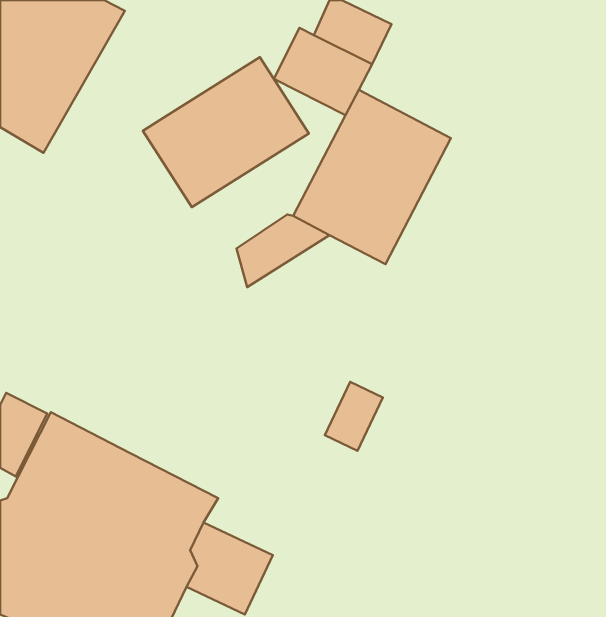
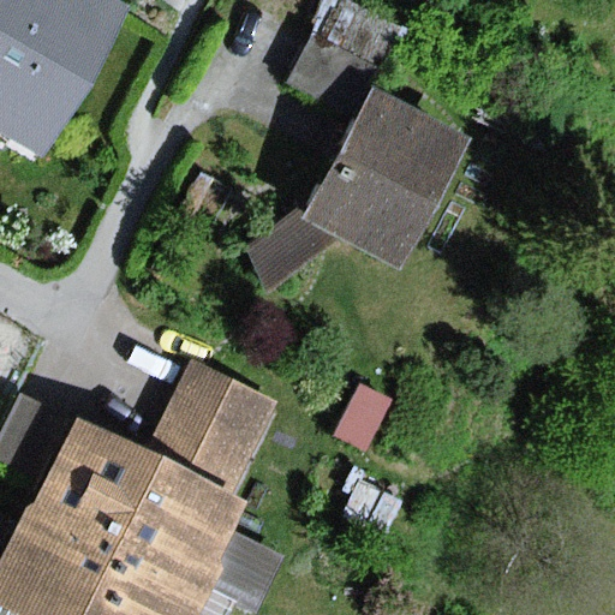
building: [143,57,309,207] -> none
building: none -> [143,357,279,496]

